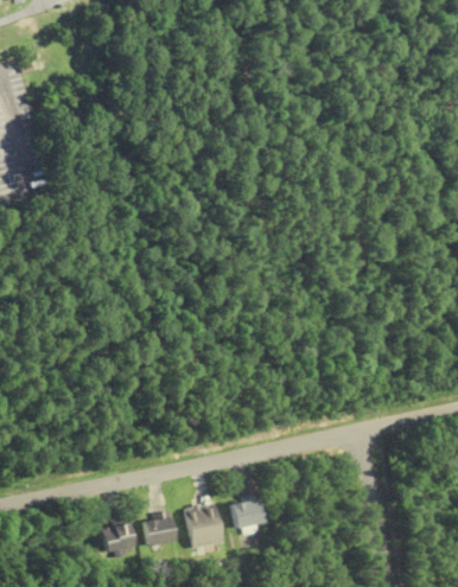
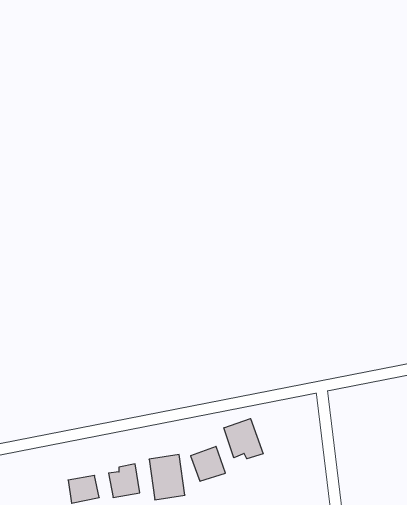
building: none -> [224,419,263,459]

